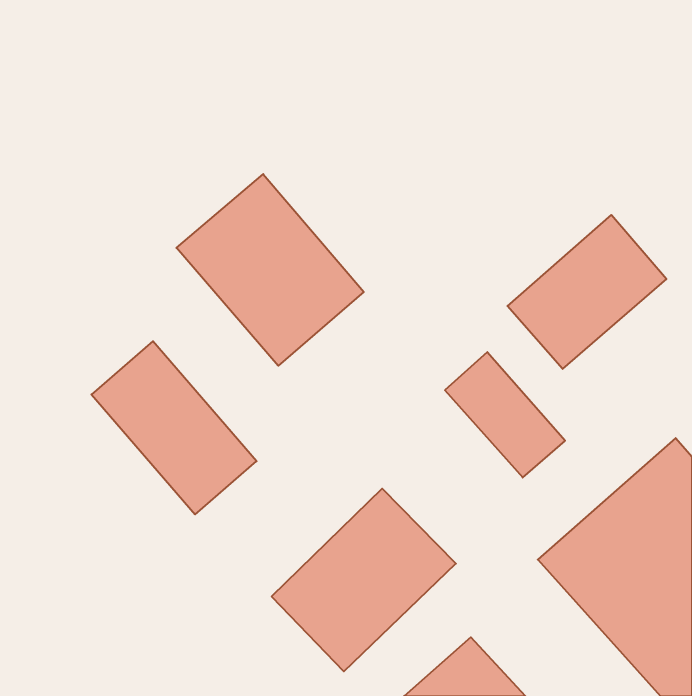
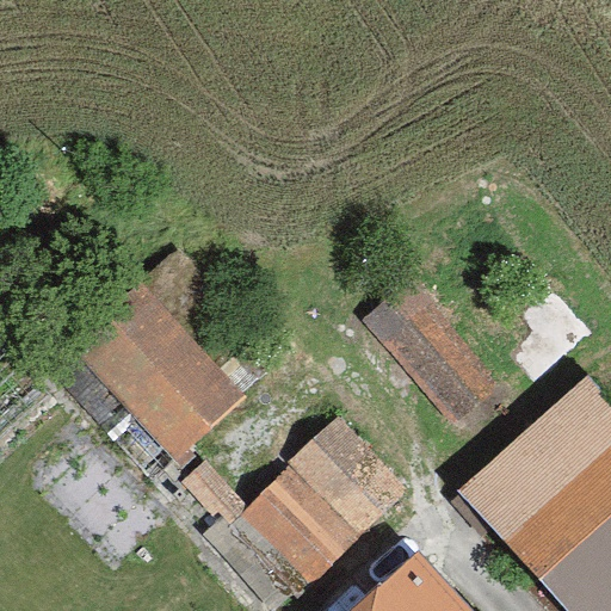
building: [176,174,364,366] -> none
building: [507,215,666,369] -> none

